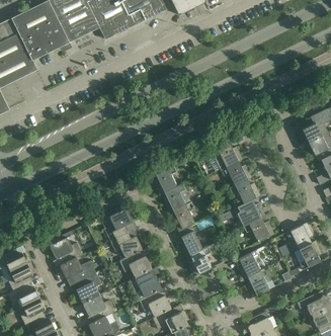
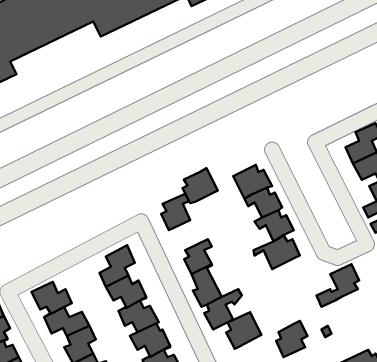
building: [163,184,191,213] -> [182,168,218,203]
building: [243,218,274,242] -> none
building: [294,241,322,270] -> none
building: [237,250,265,279] -> [226,312,261,349]

